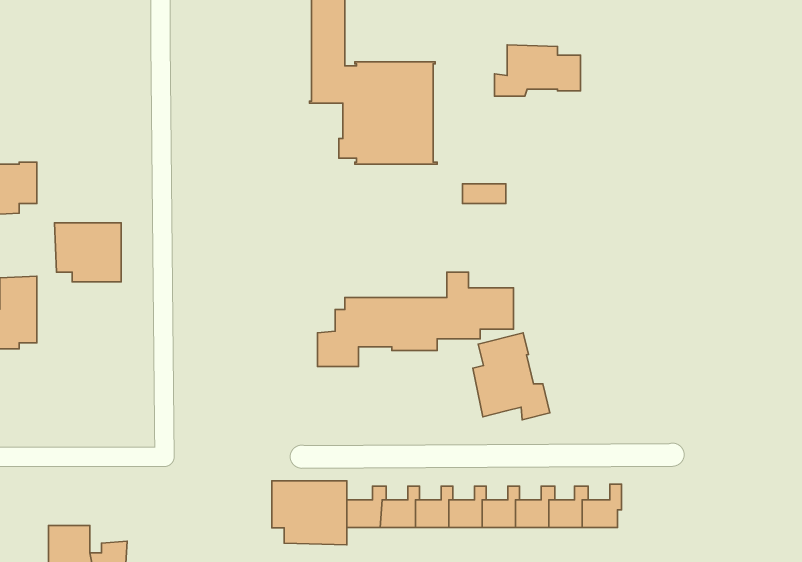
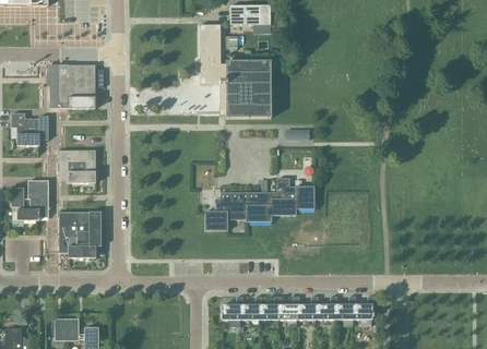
building: [494,45,580,96] -> none
building: none -> [49,63,95,107]
building: [473,333,550,420] -> none
building: none -> [59,210,100,256]
building: [272,481,347,545] -> none

